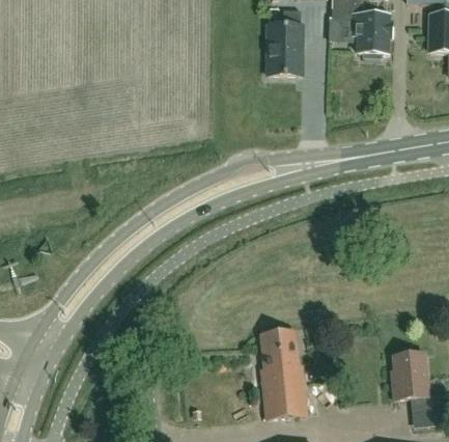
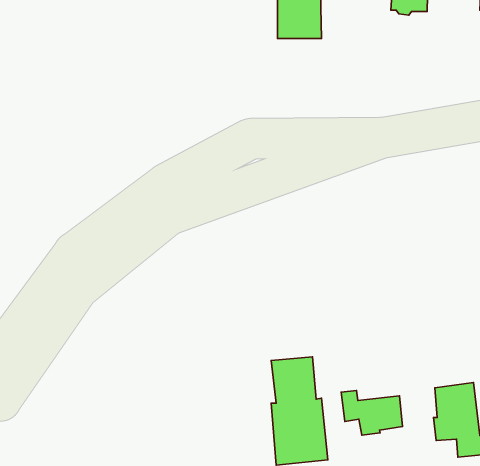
building: none -> [341,391,403,435]

